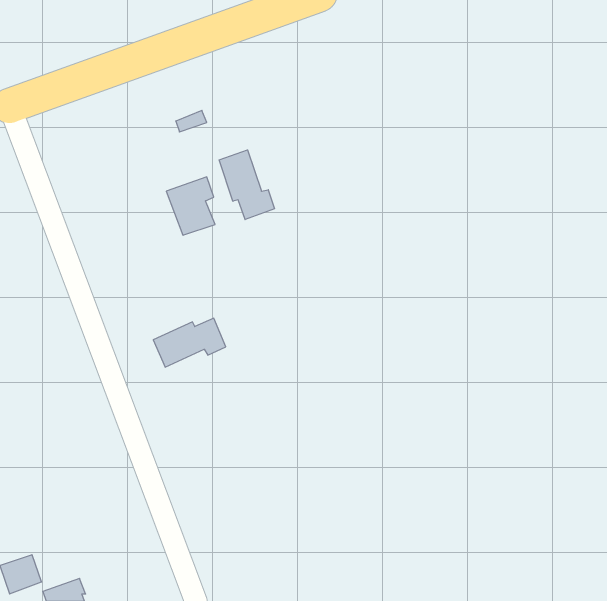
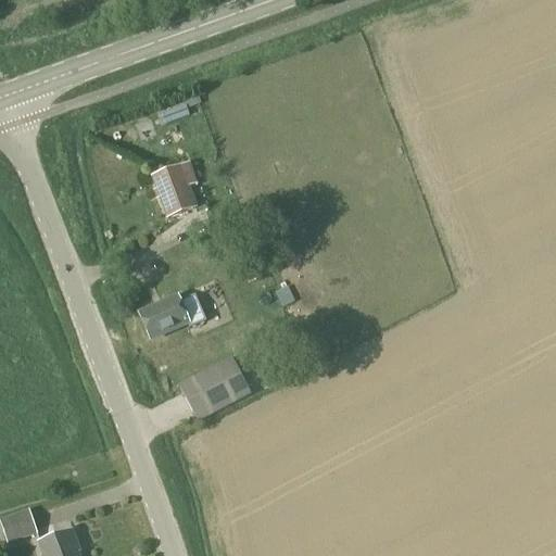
building: [219,150,274,220] -> none
building: none -> [178,355,250,419]

